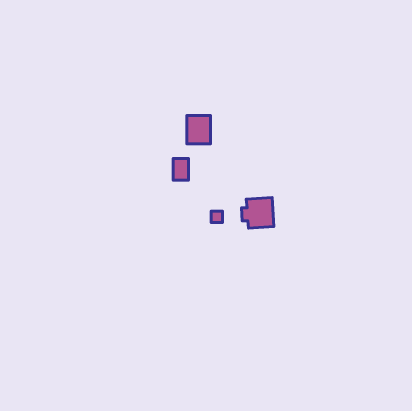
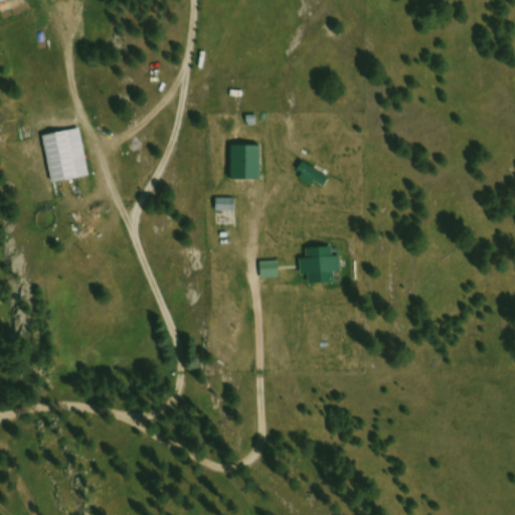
building: none -> [42,126,89,182]

